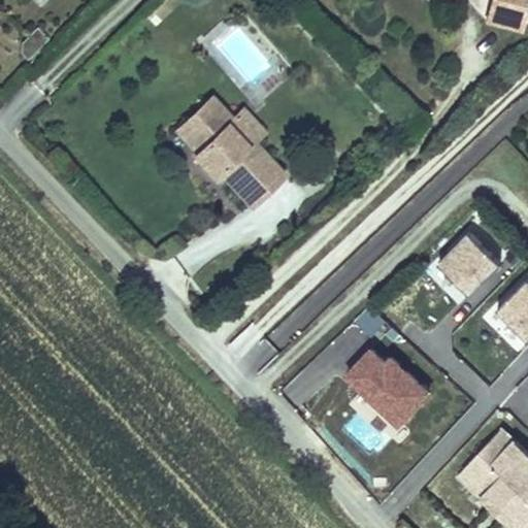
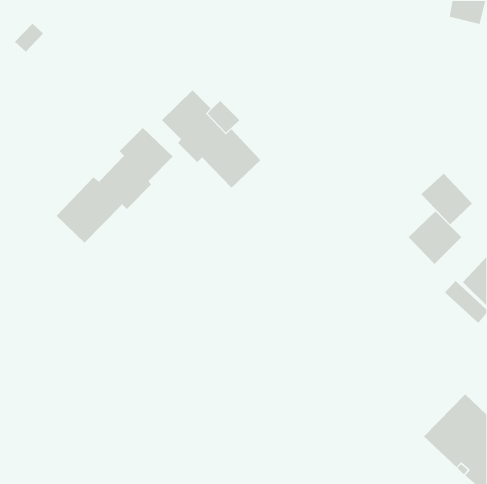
building: none -> [56,127,173,244]
building: none -> [420,173,473,225]
building: [348,344,433,423] -> none

